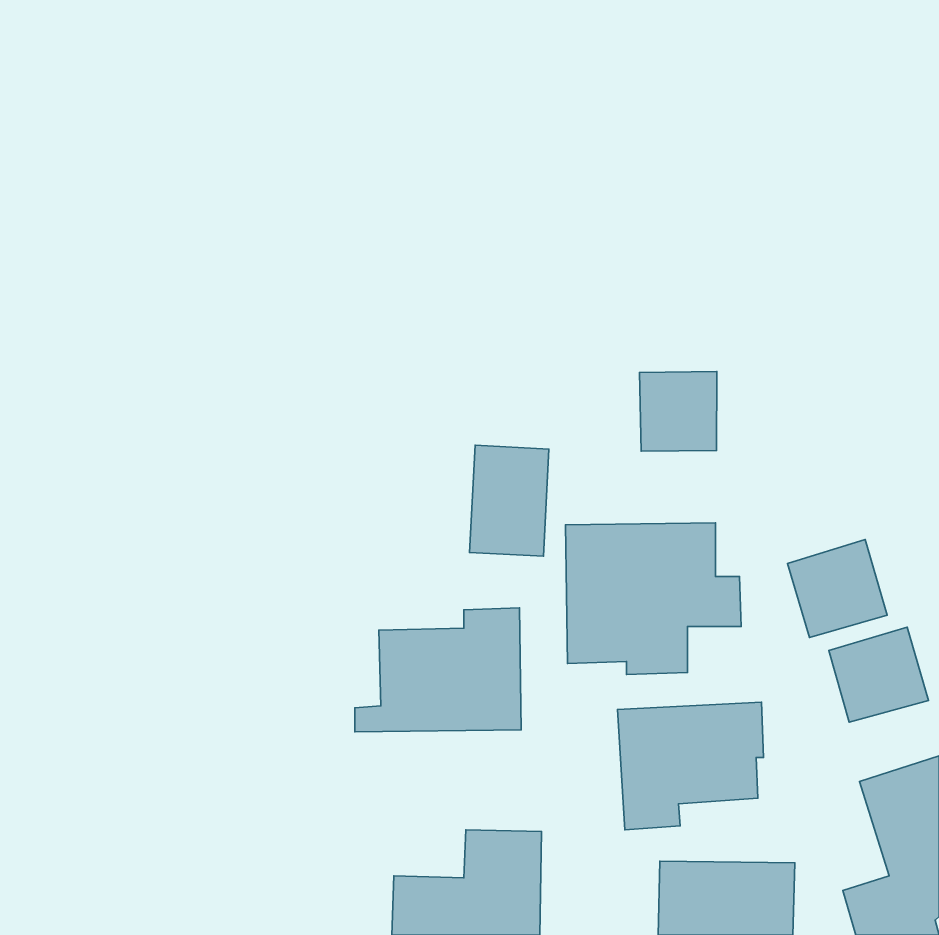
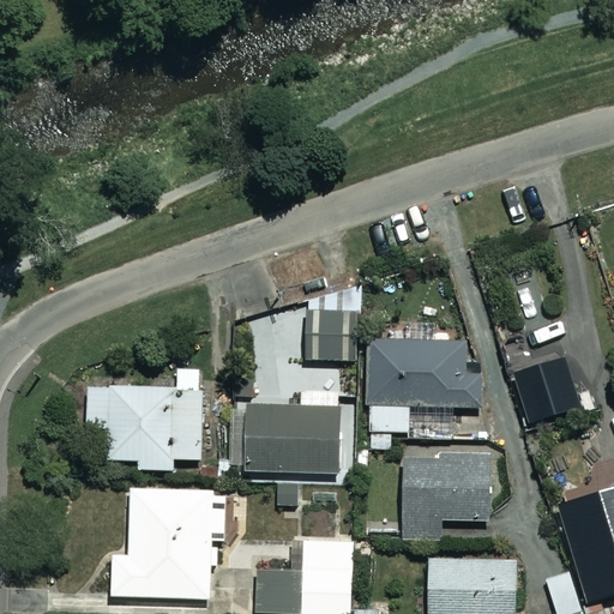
building: [640,372,717,451] -> none
building: none -> [85,366,203,476]
building: [829,627,929,722] -> none
building: none -> [110,489,224,598]

